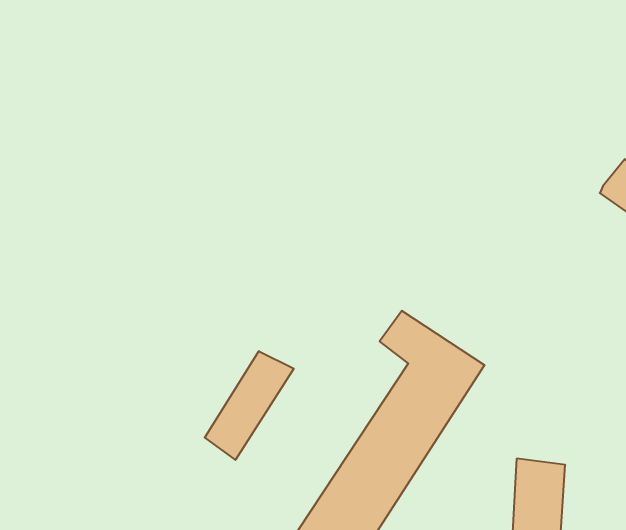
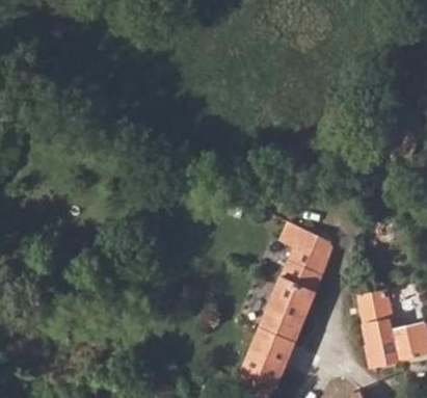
building: [205,351,294,460] -> none

